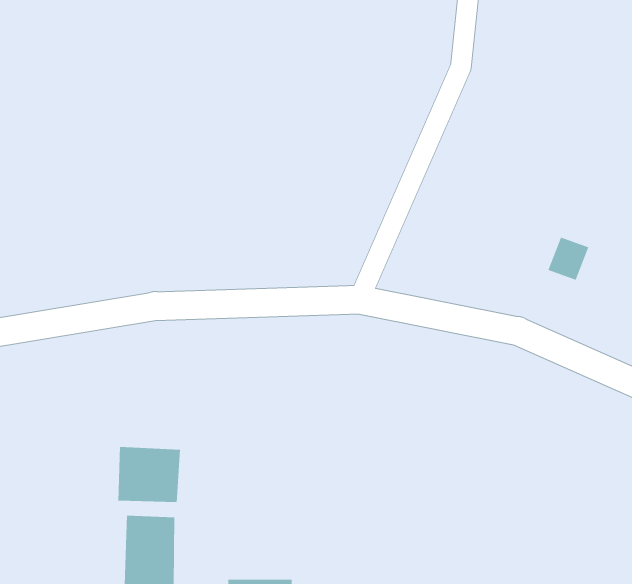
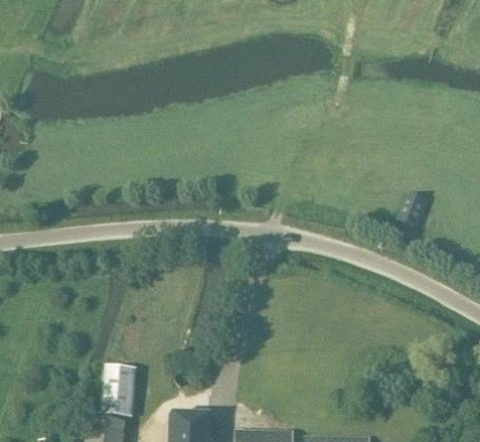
building: [118,446,180,503] -> none

